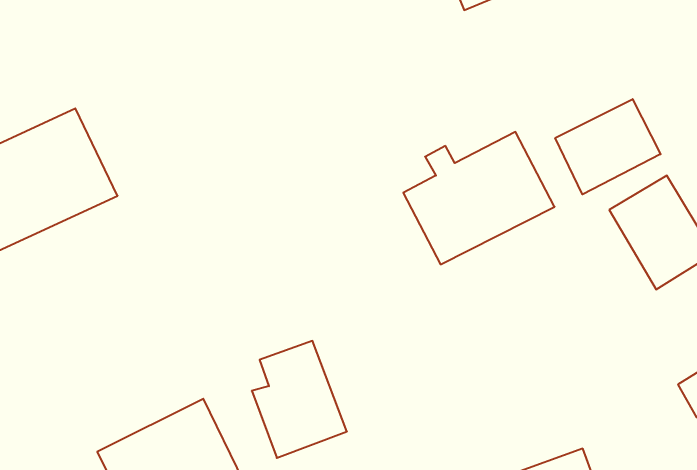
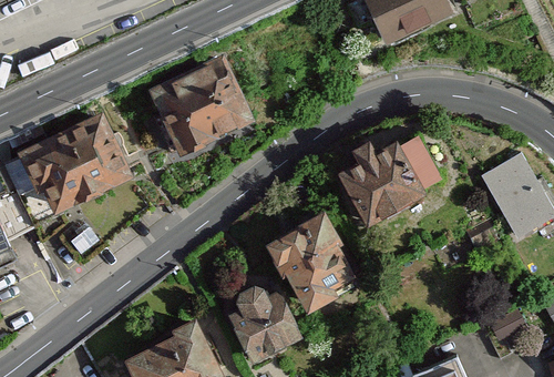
building: none -> [147,55,253,152]
building: [555,99,661,194] -> none
building: none -> [263,208,353,312]

